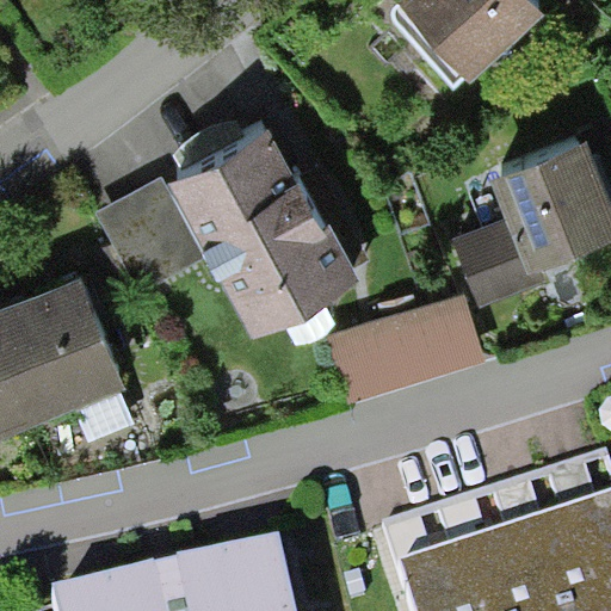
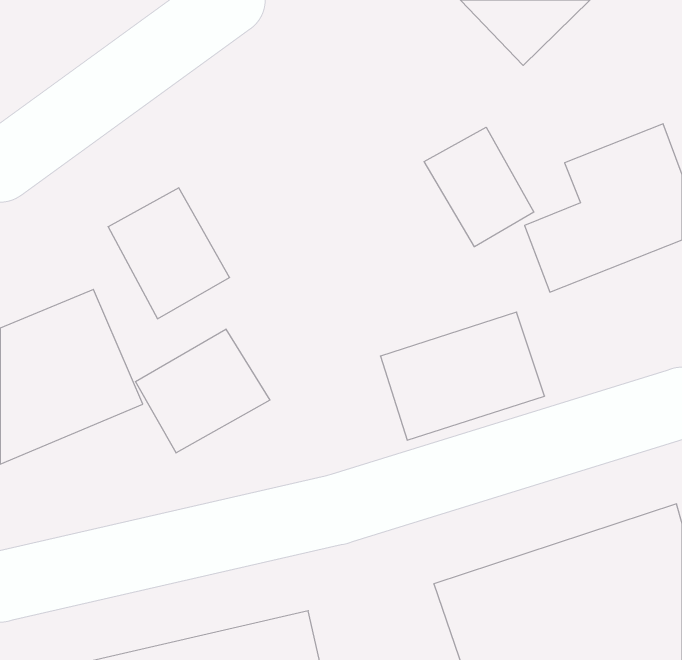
building: [172,119,359,331] -> none
building: none -> [424,127,534,247]
building: none -> [135,329,270,453]

